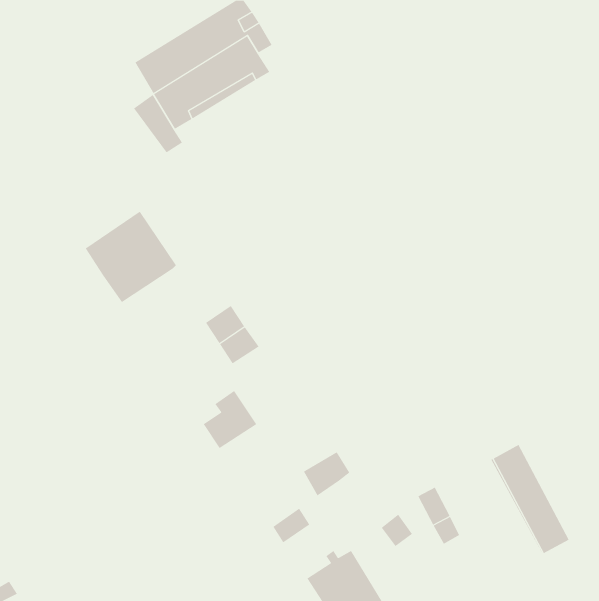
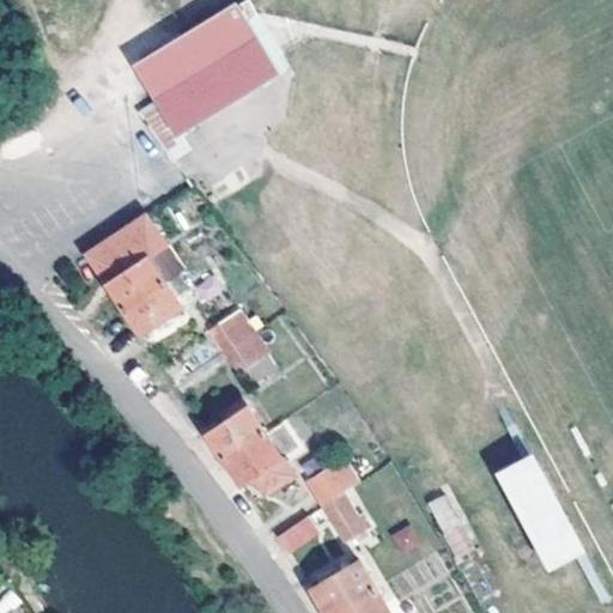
building: none -> [123,274,186,334]
building: none -> [223,432,290,492]
building: none -> [322,490,372,541]

